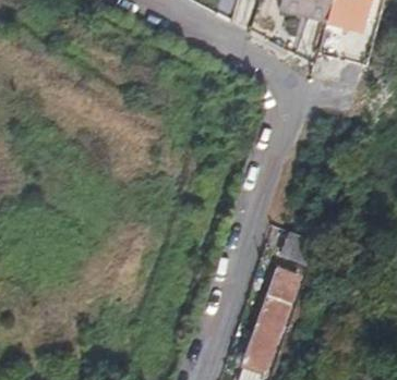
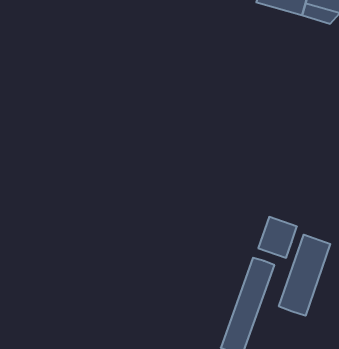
building: none -> [279,235,330,316]

